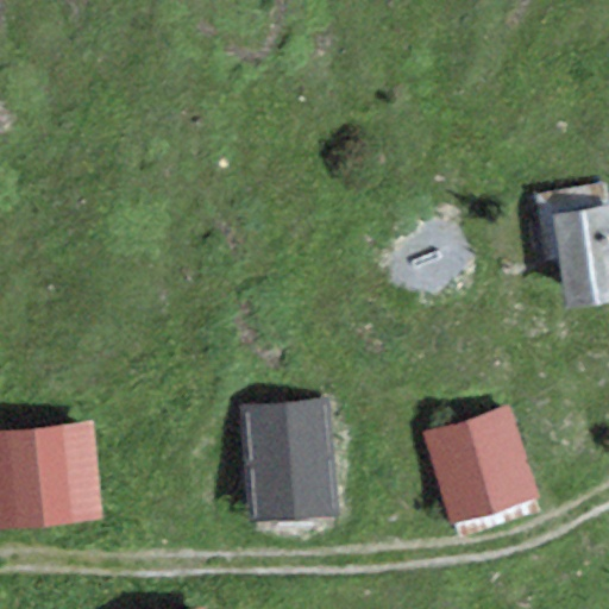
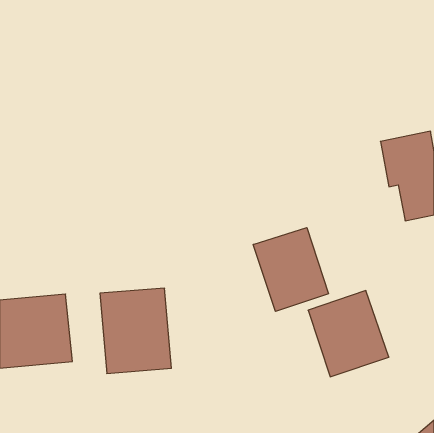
building: none -> [253,228,329,311]
building: [239,404,339,523] -> [100,288,171,373]

